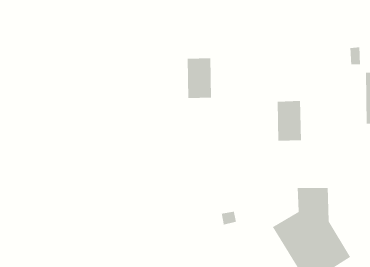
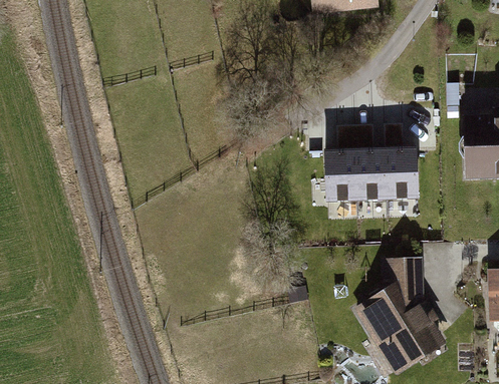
building: [187,57,212,99] -> [326,147,357,199]
building: none -> [387,145,418,197]

